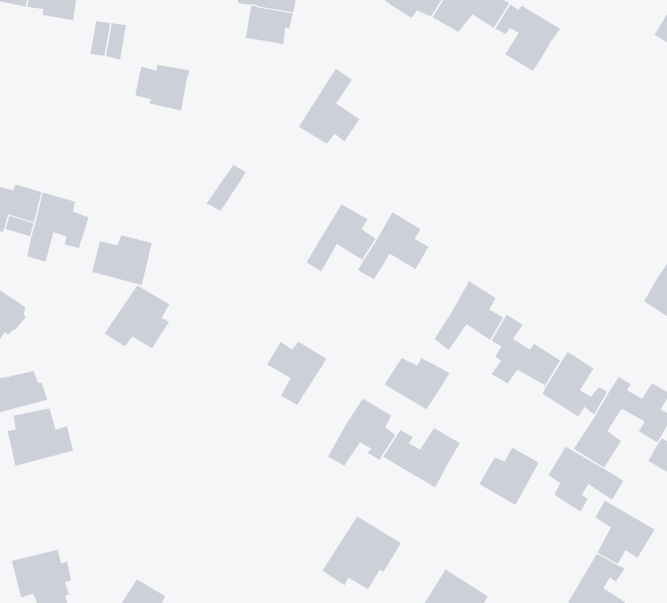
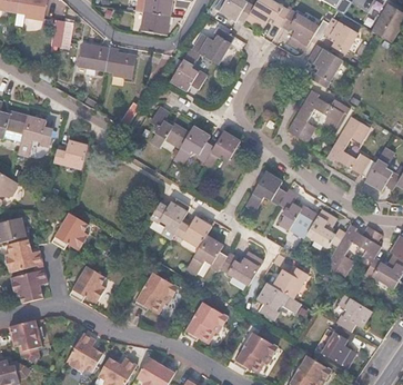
building: none -> [313,14,360,53]
building: none -> [193,27,234,65]
building: none -> [308,45,343,88]
building: none -> [104,51,135,79]
building: none -> [288,91,346,142]
building: none -> [151,105,191,145]
building: none -> [325,116,373,179]
building: [103,284,170,349] -> [52,215,90,251]
building: [384,357,450,410] -> [173,218,211,248]
building: [548,446,624,512] -> [256,280,300,318]
building: none -> [70,266,105,305]
building: none -> [11,270,49,304]
building: none -> [134,272,178,314]

